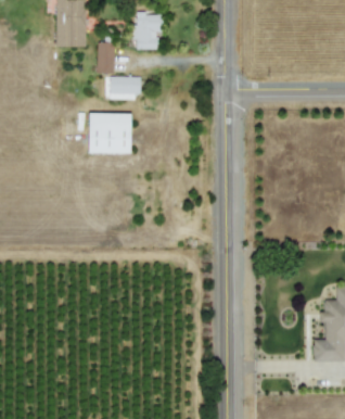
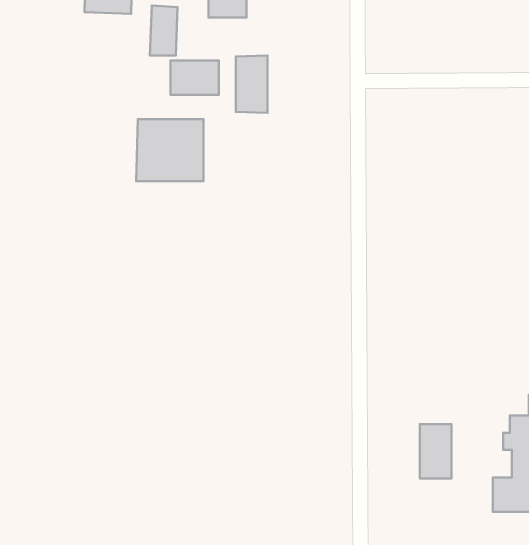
building: none -> [236,56,267,113]
building: none -> [420,424,451,478]

